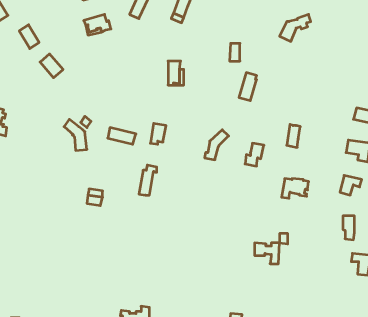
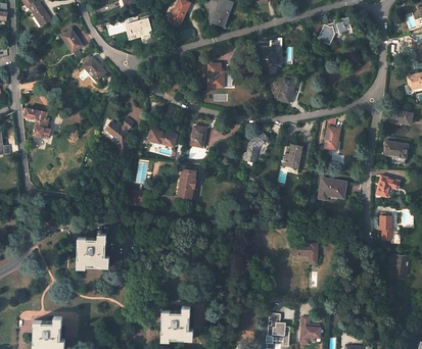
building: none -> [78,234,109,267]

